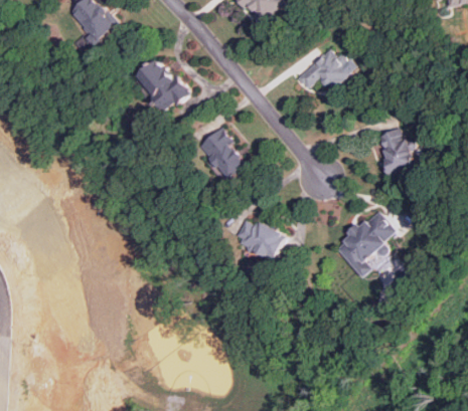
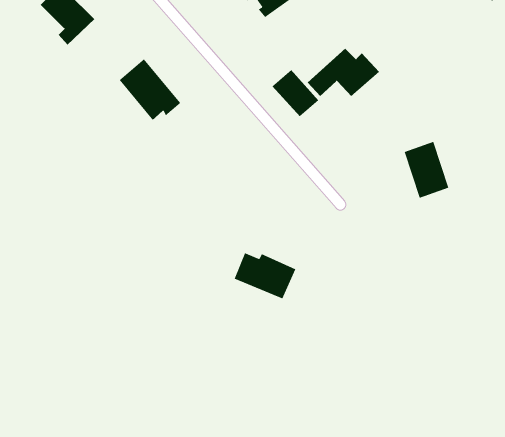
building: none -> [272,69,319,117]
building: [198,129,248,181] -> none
building: [334,210,395,277] -> none

